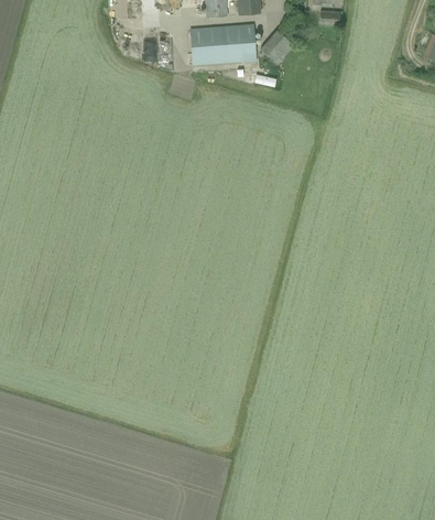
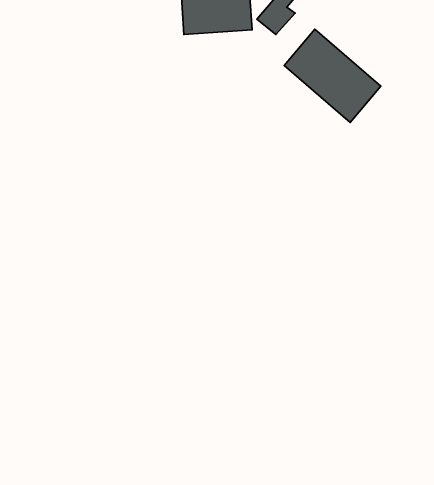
building: none -> [284,29,381,122]

